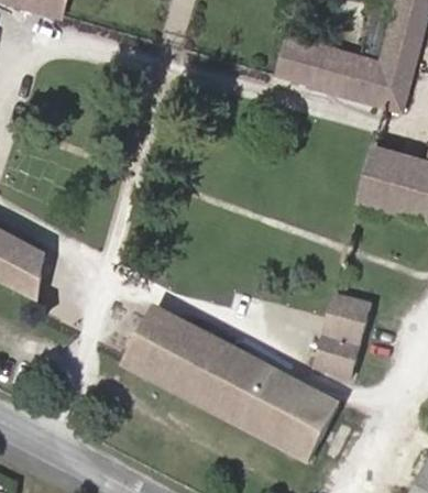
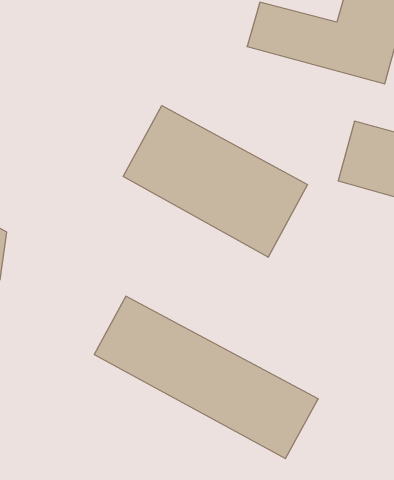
building: none -> [123,106,307,257]
building: [315,296,370,377] -> none

